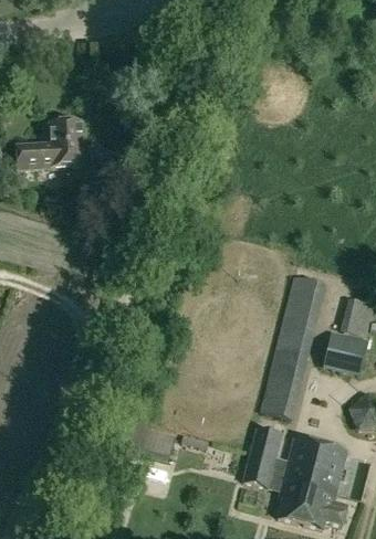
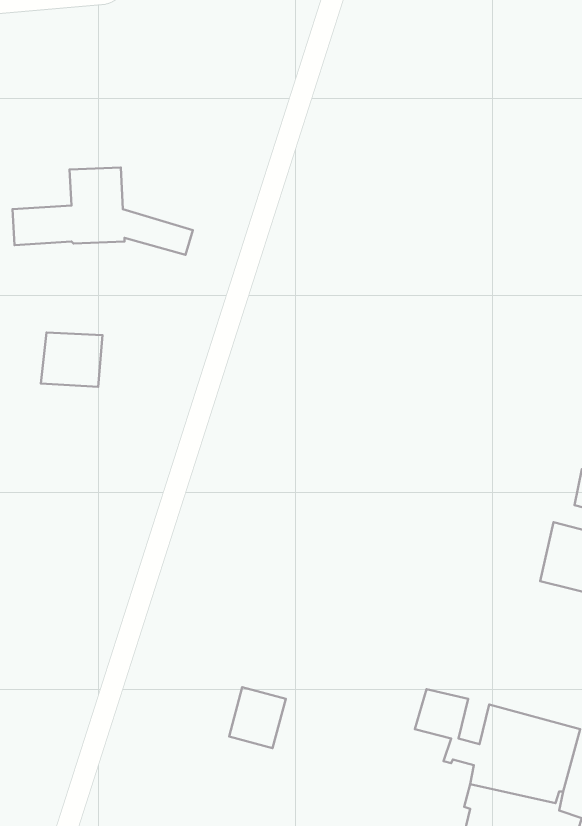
building: none -> [41,332,102,387]
building: [261,275,325,418] -> none
building: [243,450,272,485] -> none

